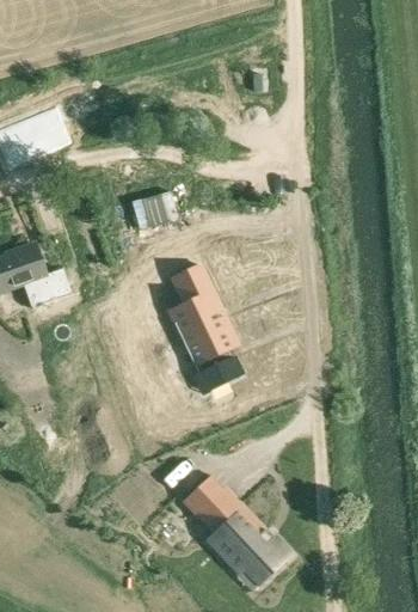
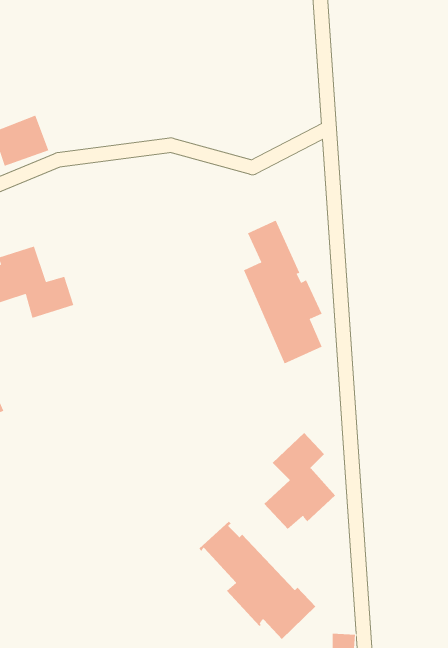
building: [165,251,236,381] -> [243,220,323,364]
building: none -> [263,432,336,530]

